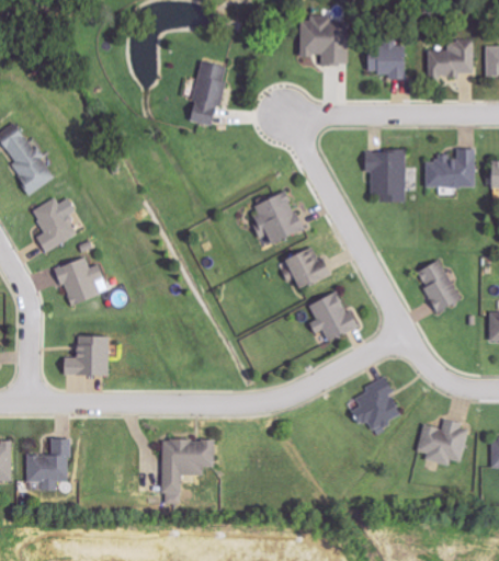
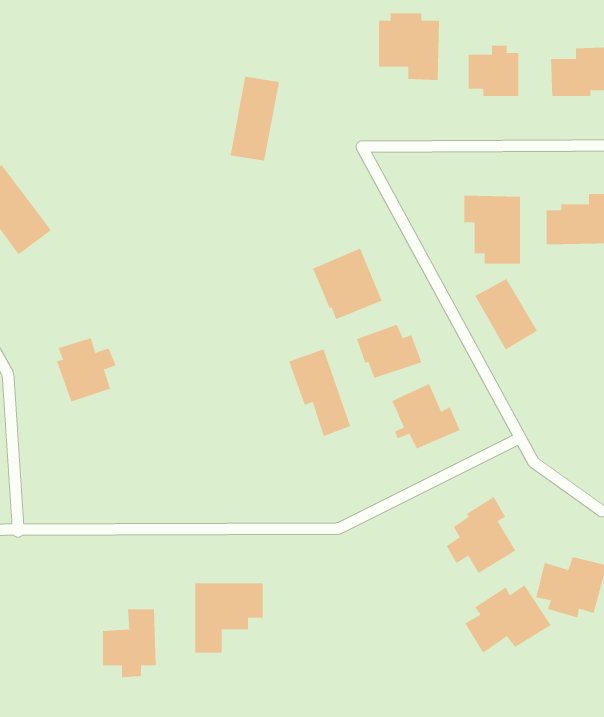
building: [31,197,78,252] -> none
building: [413,259,461,312] -> [475,278,538,350]
building: none -> [288,348,351,437]
building: [61,335,107,376] -> none
building: [29,438,69,490] -> [102,609,156,678]
building: none -> [464,584,552,653]

